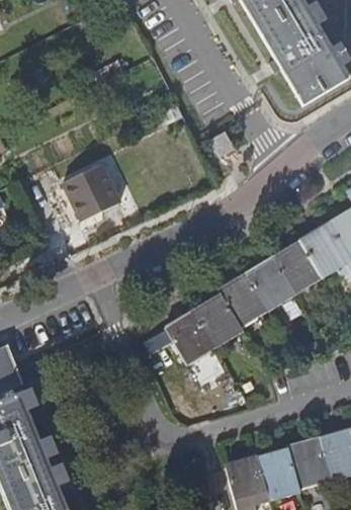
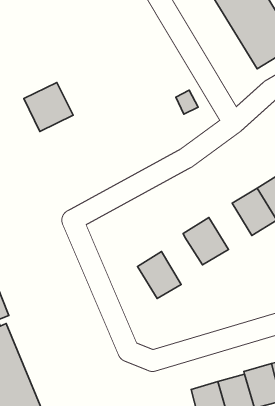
building: [69,161,124,217] -> [24,82,73,131]
building: [249,255,297,308] -> none
building: [195,293,245,347] -> none

